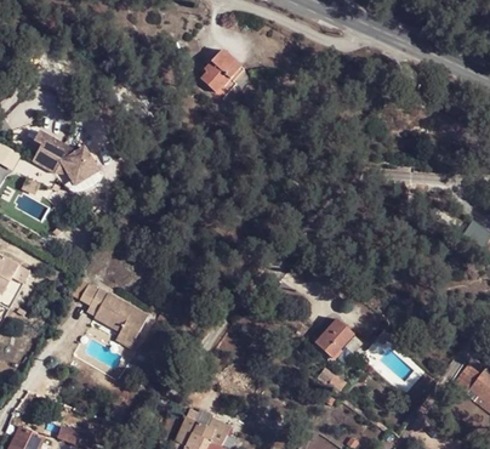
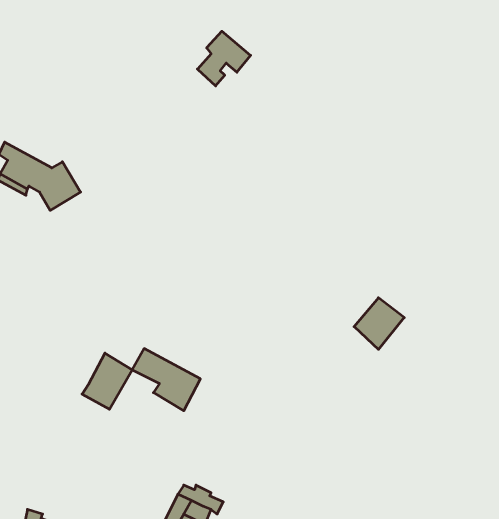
building: [73,279,127,329] -> [132,349,200,411]
building: [317,320,357,362] -> [354,298,404,349]

